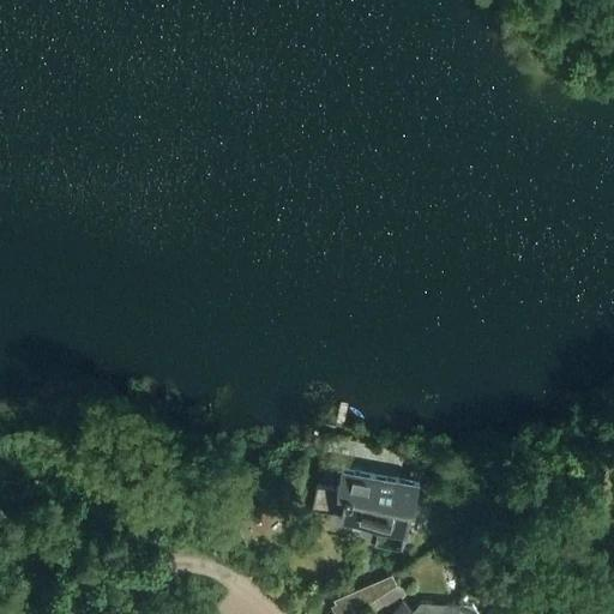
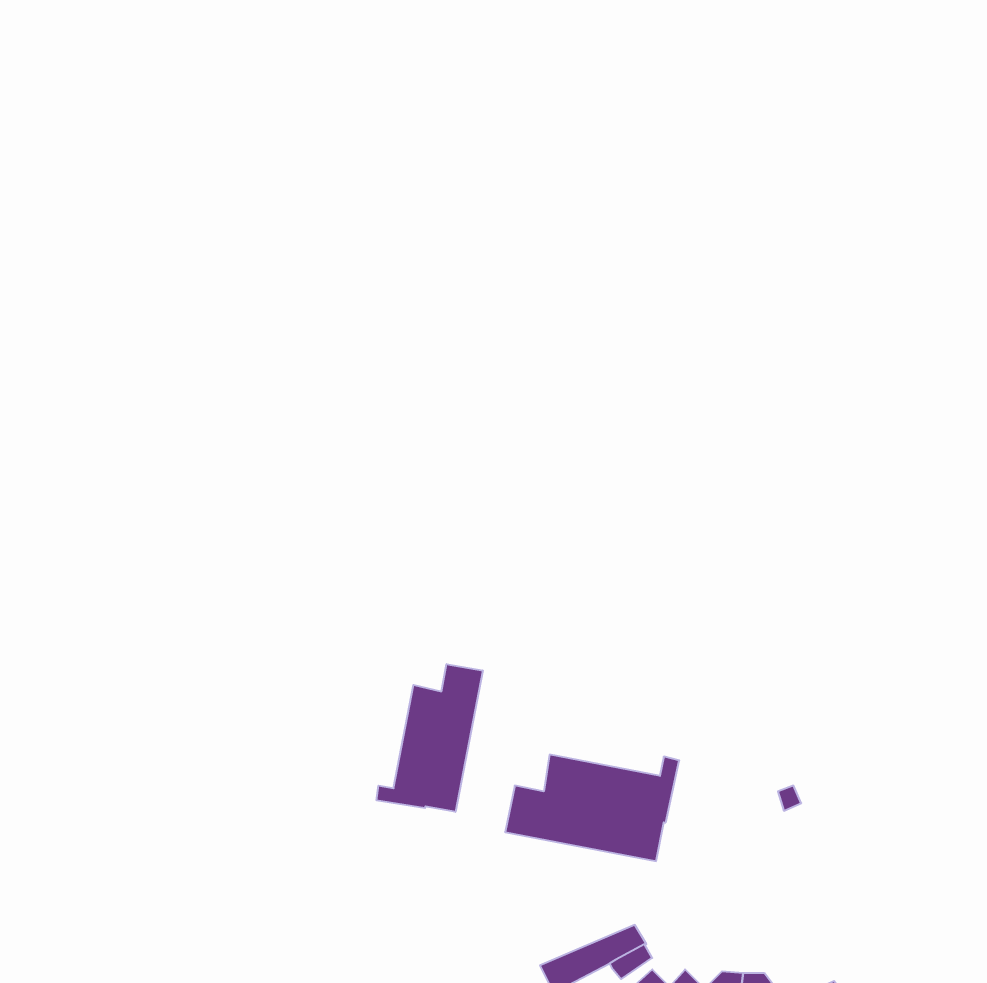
building: none -> [377,664,483,812]

